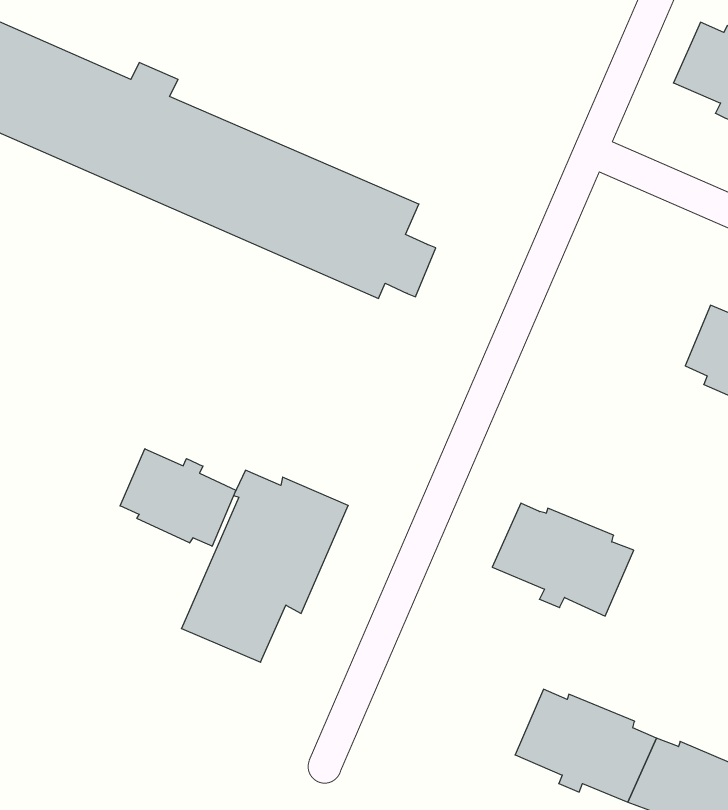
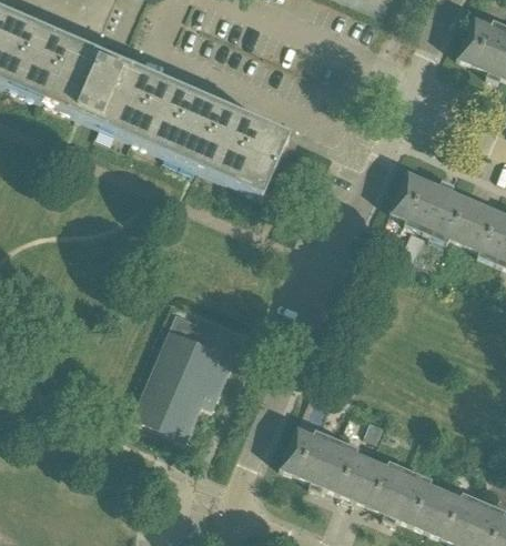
building: none -> [391,171,482,243]
building: [120,449,236,546] -> none
building: [492,503,634,616] -> [279,425,372,499]

